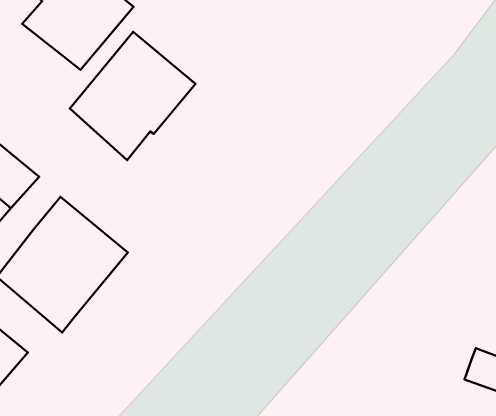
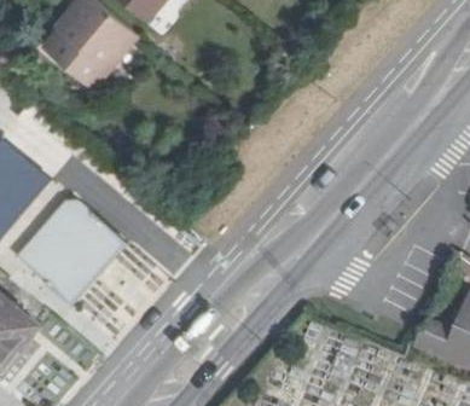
building: [70,32,196,160] -> none

